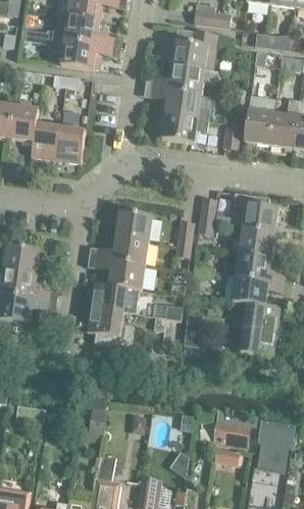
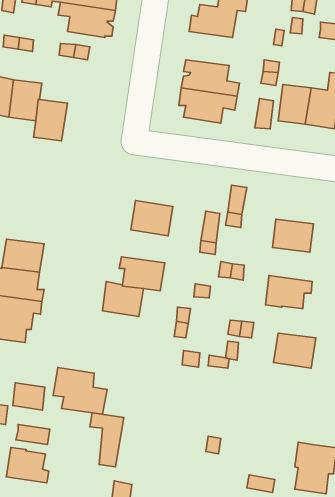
building: [163,63,219,93] -> none
building: [55,125,85,162] -> none
building: [242,202,278,231] -> none
building: [107,236,148,264] -> none
building: [223,251,274,281] -> none
building: [233,302,280,329] -> none
building: [87,306,134,347] -> [53,367,107,414]
building: none -> [13,383,45,410]
building: [214,420,250,446] -> none
building: none -> [6,447,49,483]

